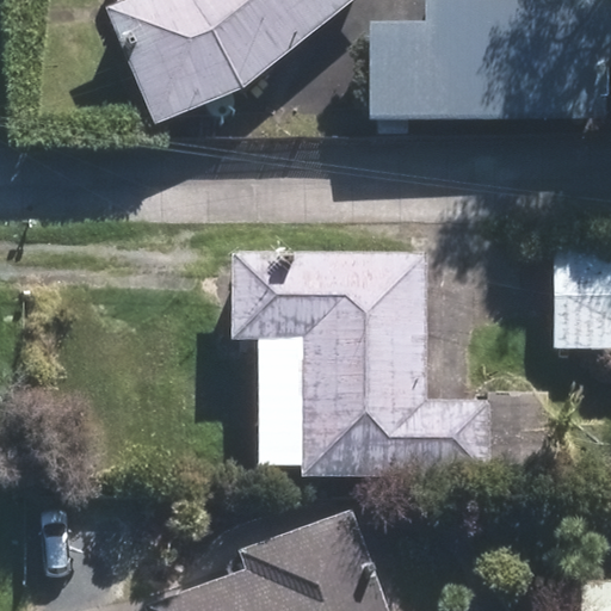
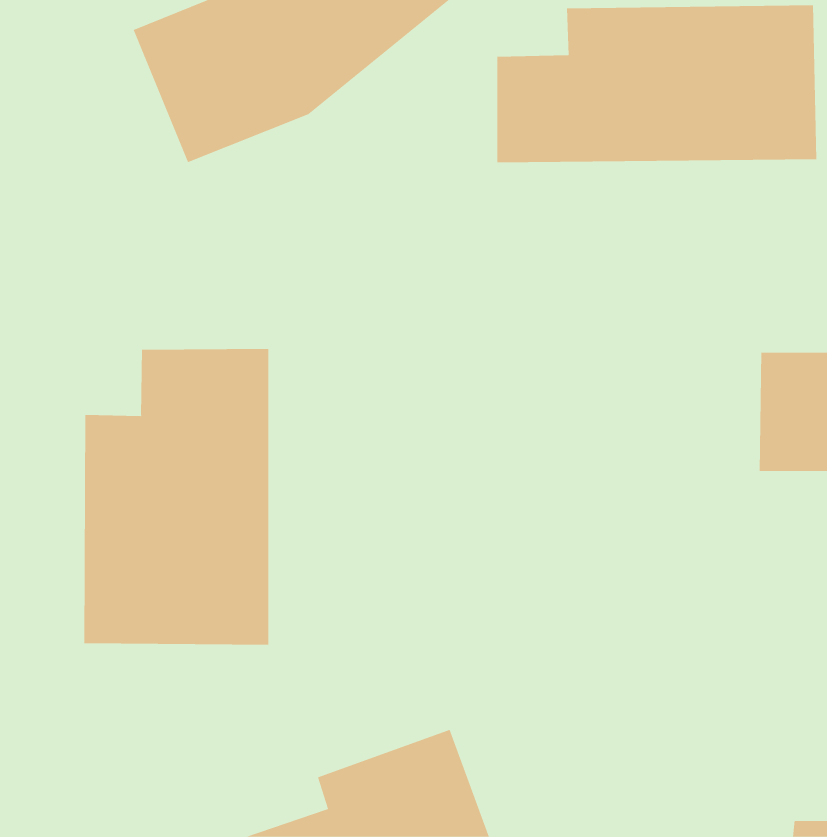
building: none -> [84,348,269,646]
building: [239,270,470,465] -> none

